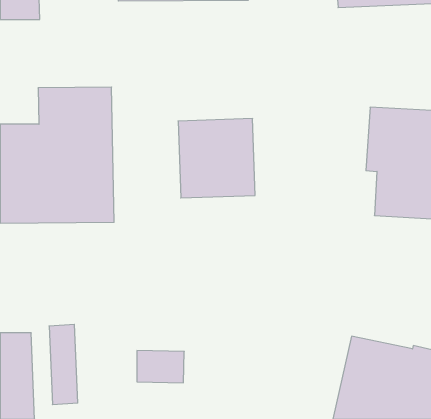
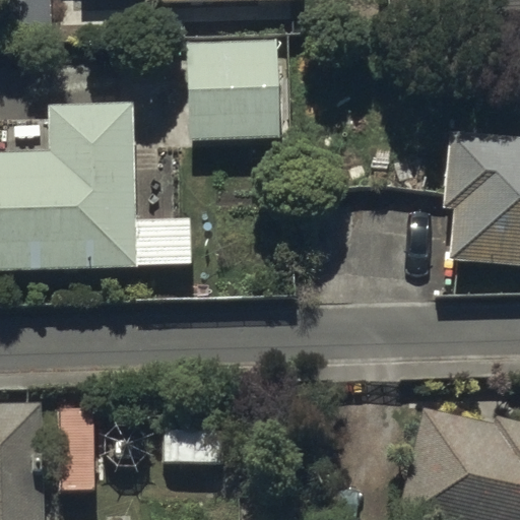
building: [178,119,255,198] -> [186,43,278,138]

